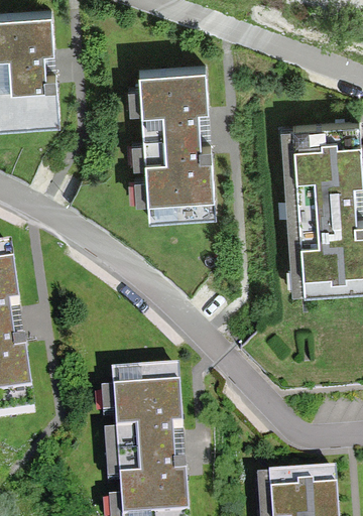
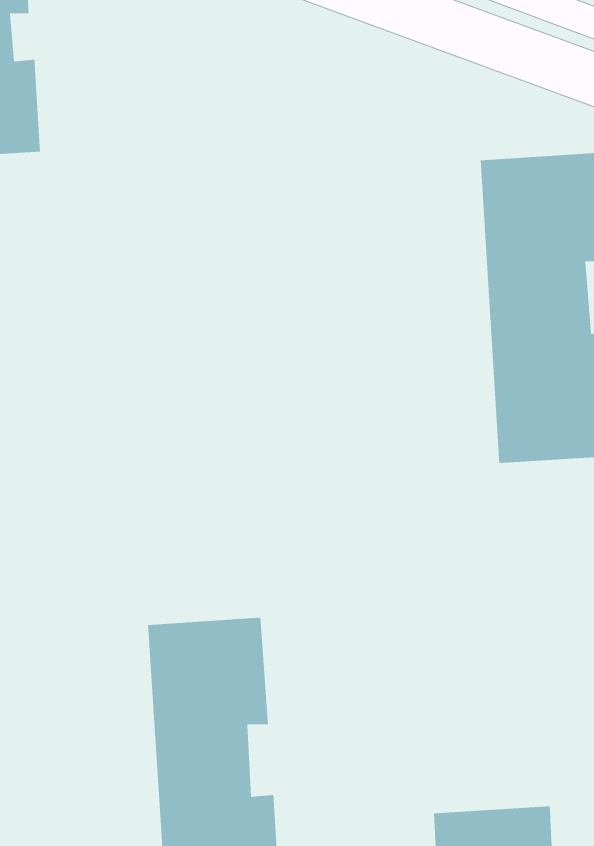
building: [139,68,215,220] -> none

